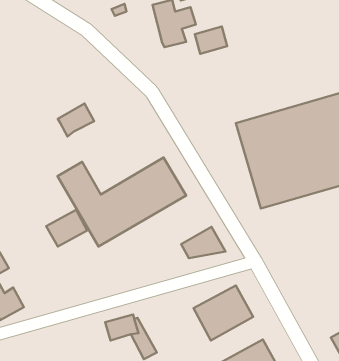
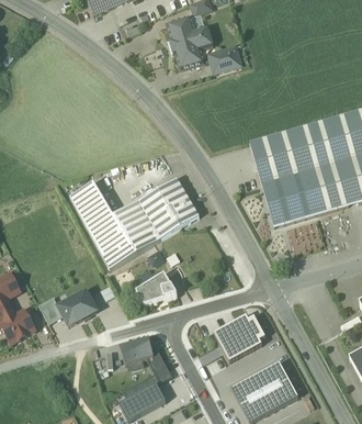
building: [58,103,94,137] -> none
building: [46,210,87,247] -> [52,284,93,322]
building: [181,227,225,258] -> [133,271,178,303]

